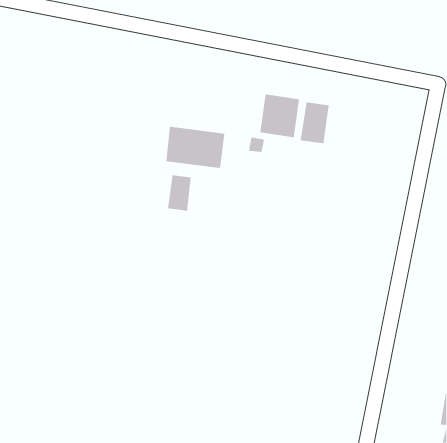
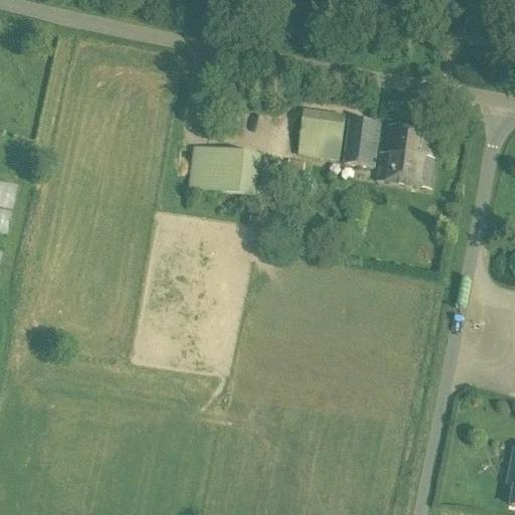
building: none -> [376,123,434,185]
building: [168,175,191,211] -> none

